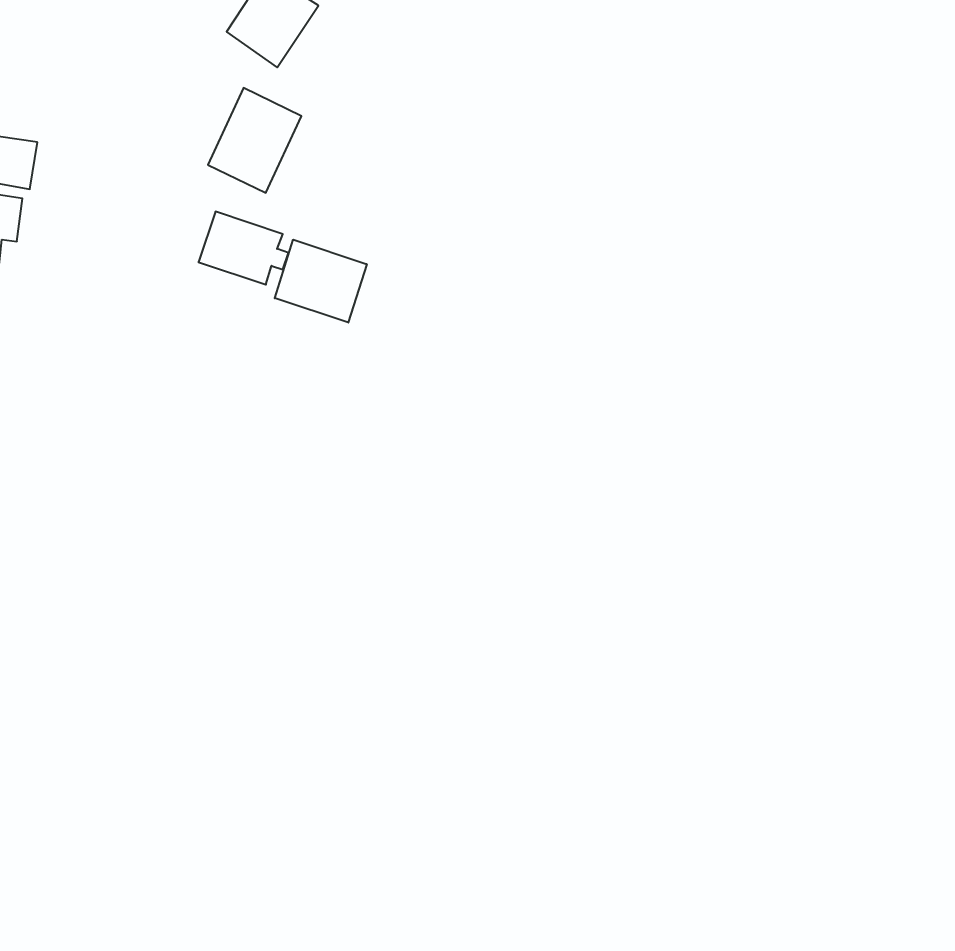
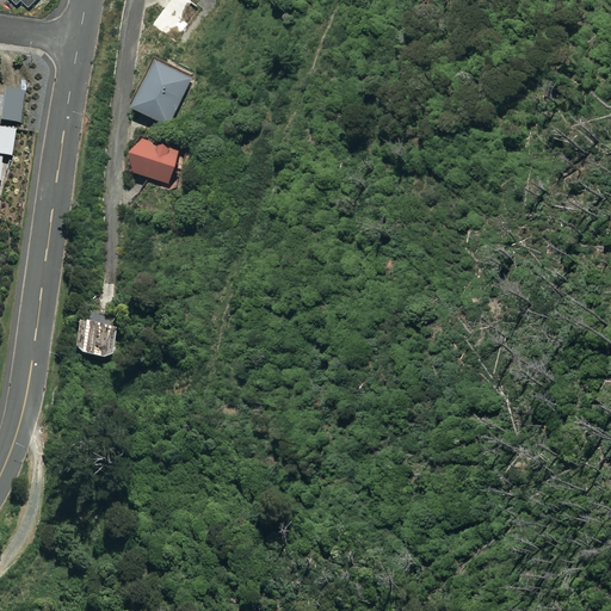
building: [275,240,367,323] -> none
building: none -> [72,321,116,357]

